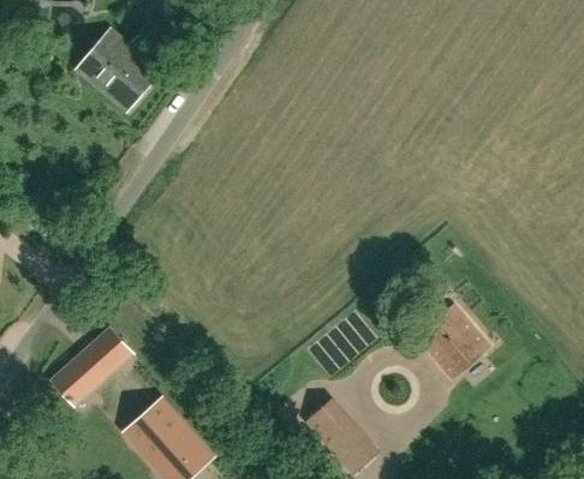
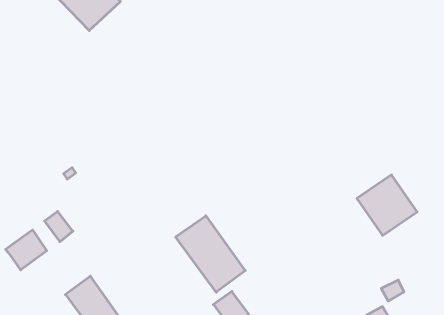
building: [416,305,489,378] -> [357,175,417,235]
building: none -> [176,216,245,292]

